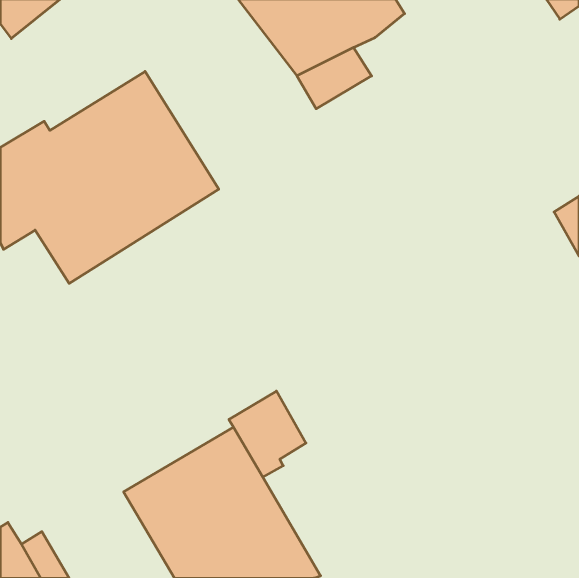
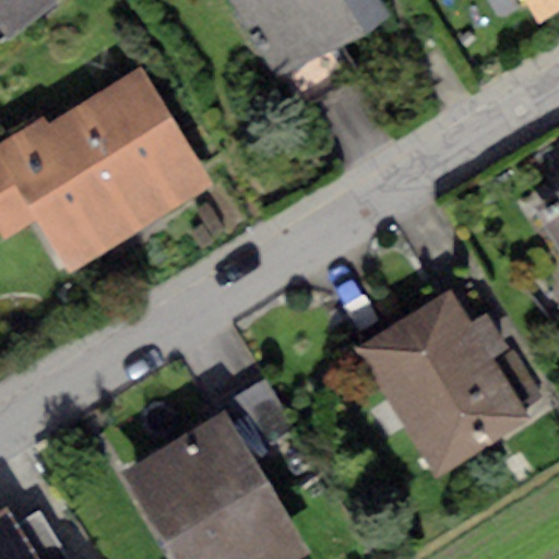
building: none -> [356,292,528,475]

